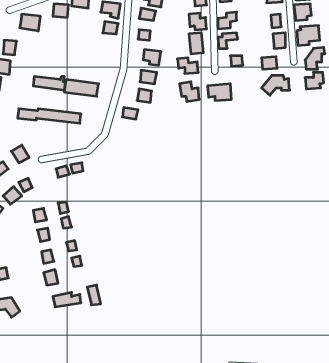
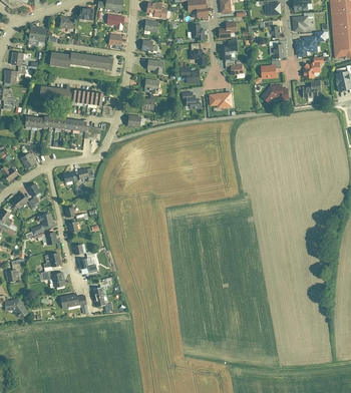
building: none -> [48,51,112,69]

